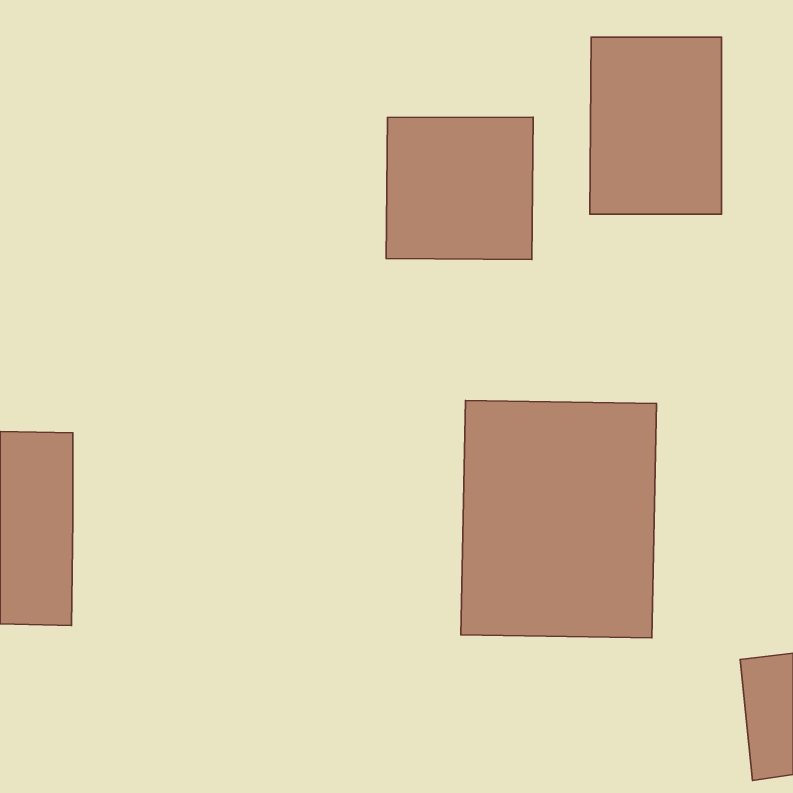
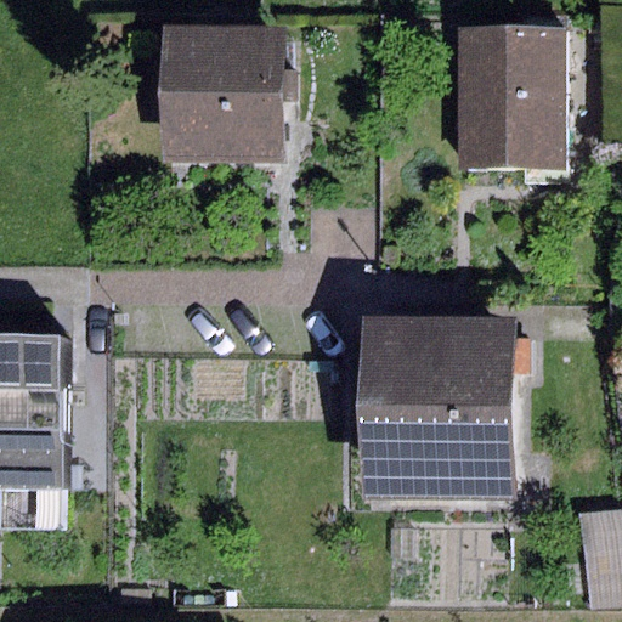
building: none -> [163,22,282,164]
building: [386,117,533,260] -> none

